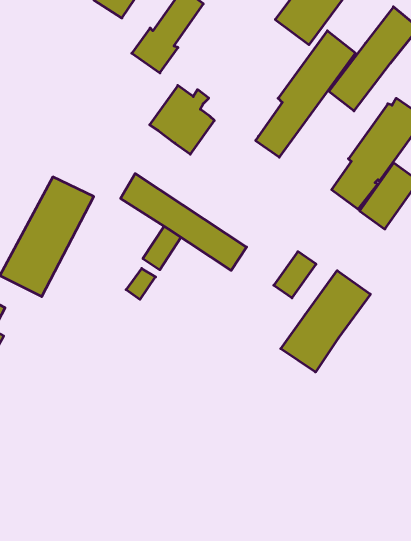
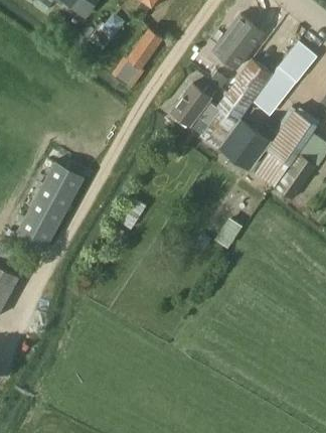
building: [150,85,214,154] -> [172,85,218,134]
building: none -> [220,120,270,169]
building: [121,174,247,270] -> none
building: [281,271,370,372] -> none

